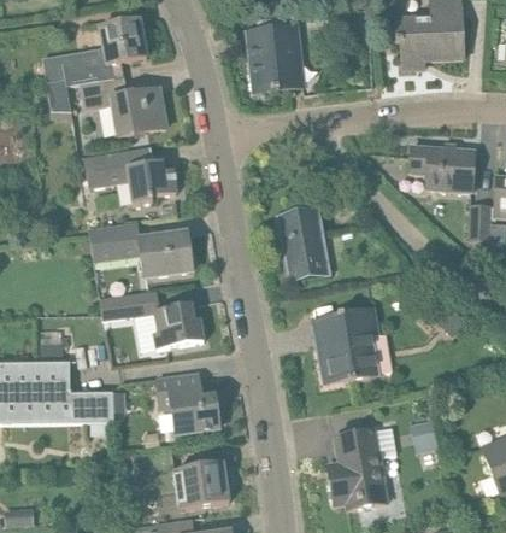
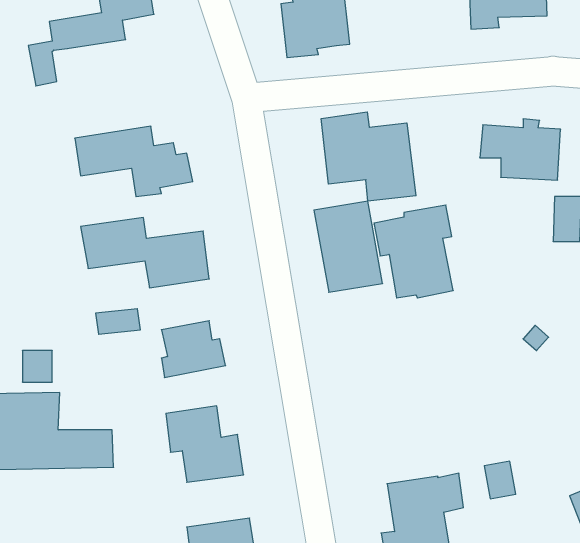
building: [77,77,166,136] -> none
building: none -> [321,112,416,201]
building: [314,306,378,381] -> [374,205,453,298]

